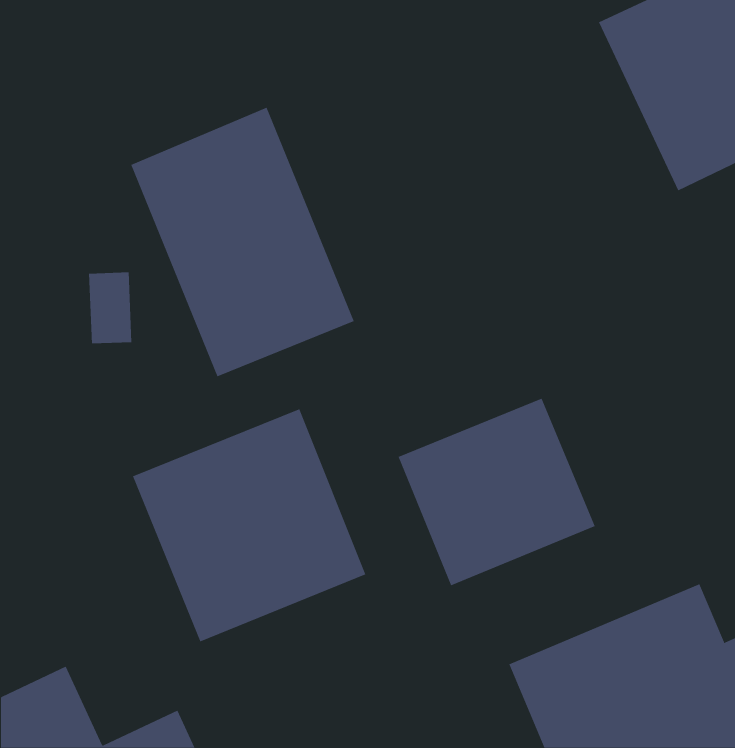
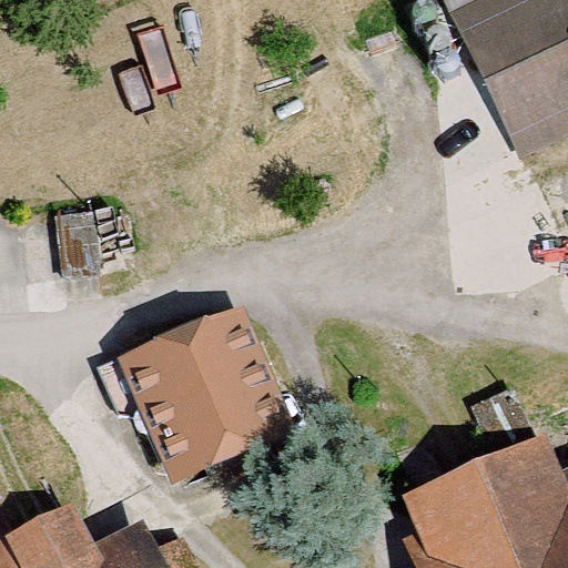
building: [130,107,355,377] -> none
building: [398,398,596,586] -> none

